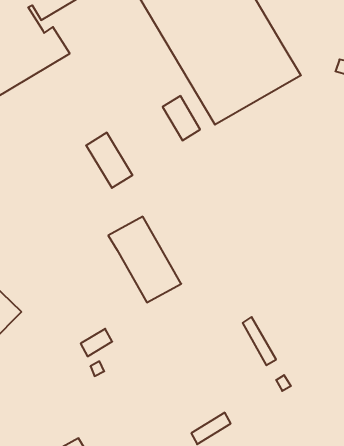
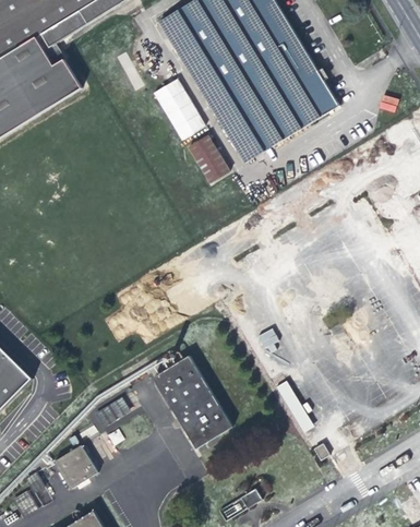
building: [86,133,133,188] -> [152,77,203,139]
building: [108,217,181,302] -> [159,356,240,451]
building: none -> [57,446,99,490]

